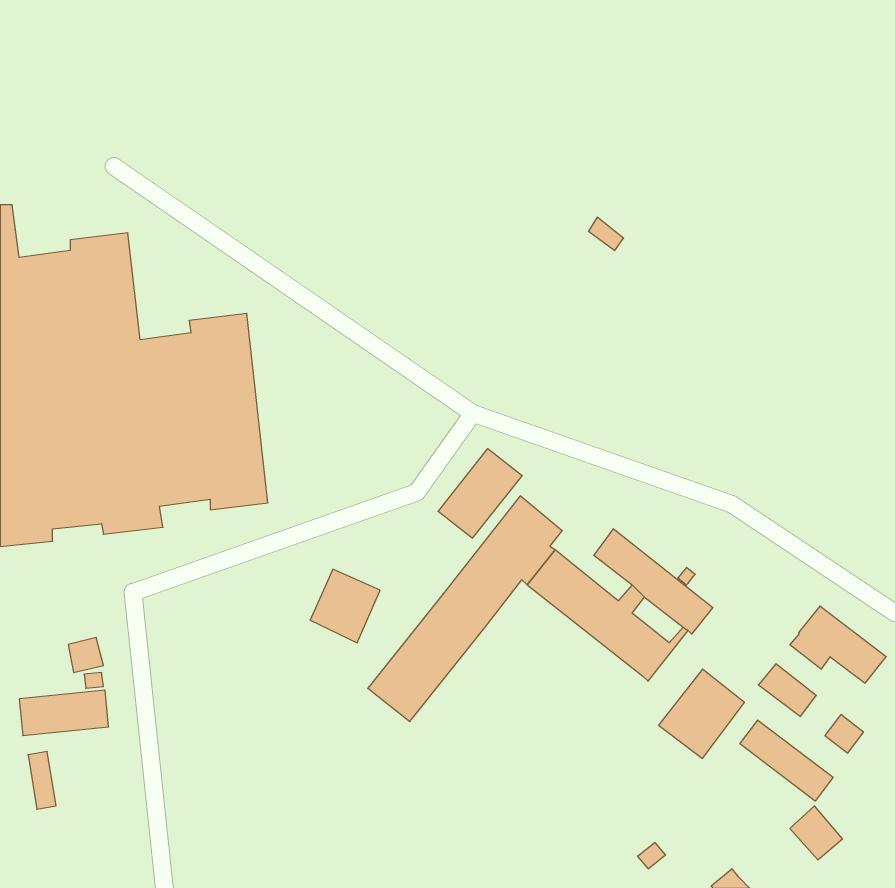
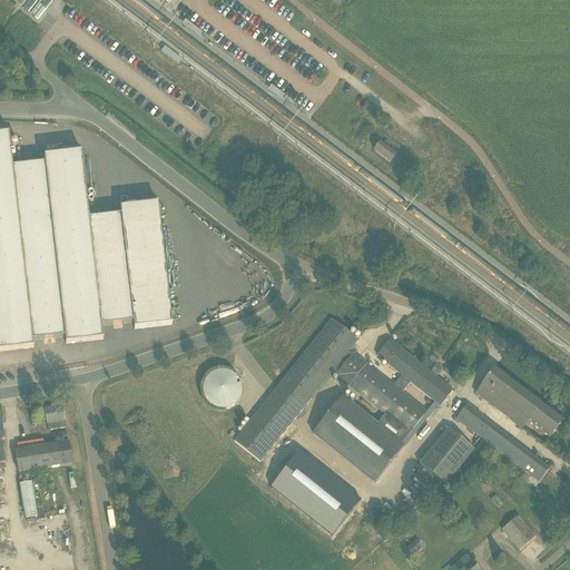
building: [438,449,522,538] -> none
building: none -> [475,365,521,410]
building: none -> [312,392,412,481]
building: none -> [456,401,493,435]
building: none -> [269,448,361,533]
building: [740,720,833,801] -> none

